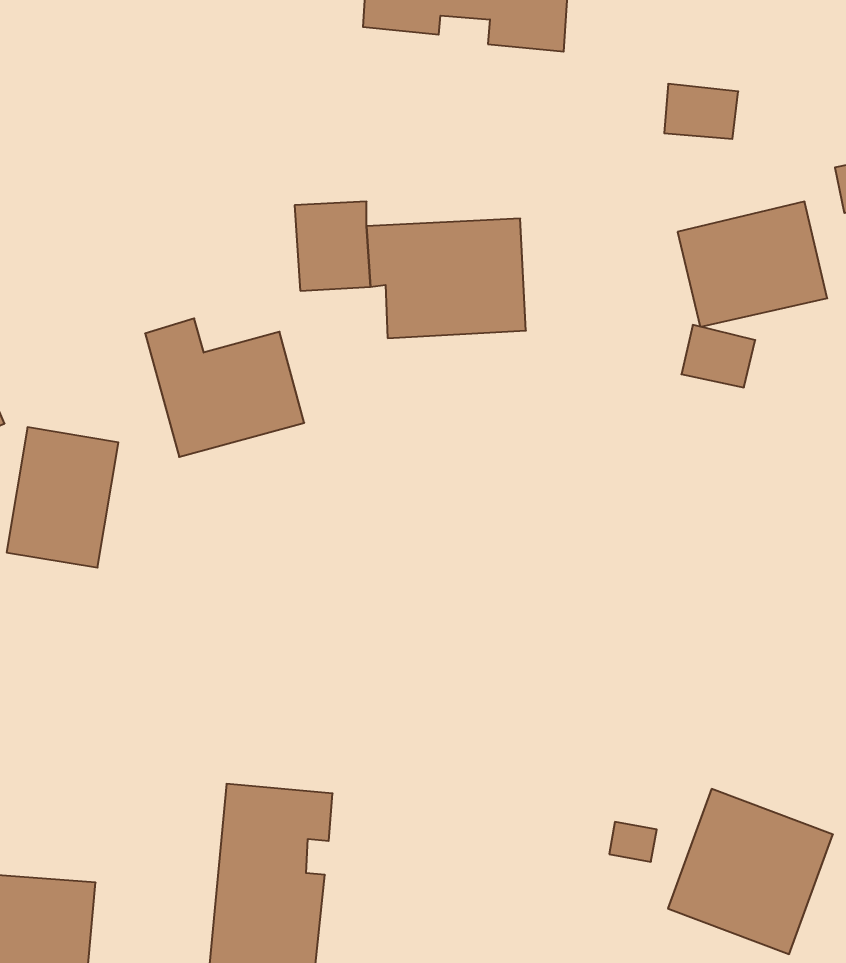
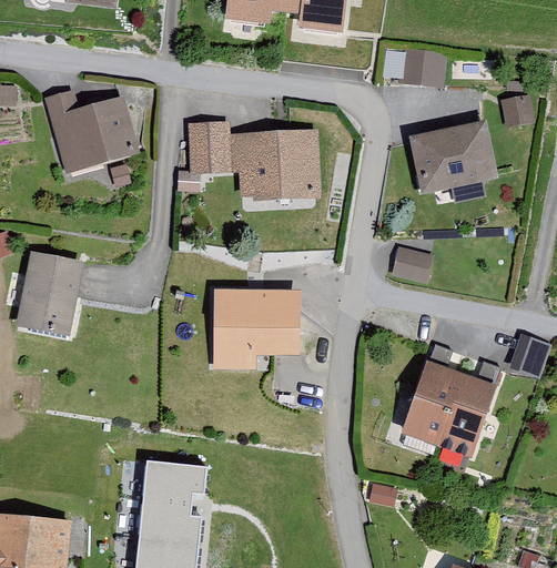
building: [145,318,304,457] -> [44,90,138,171]
building: [681,325,755,387] -> [391,245,434,282]
building: none -> [214,288,298,368]
building: [668,789,833,954] -> [399,361,496,457]

